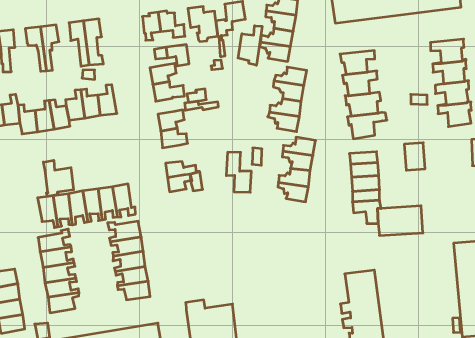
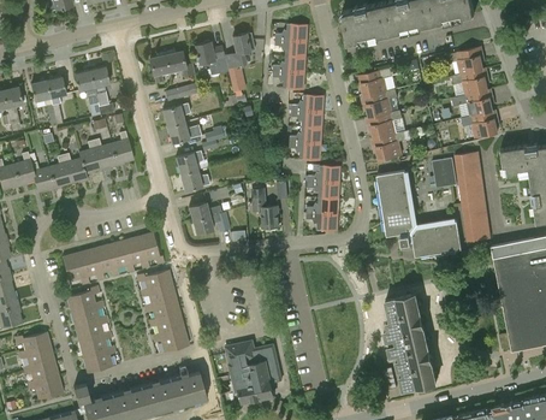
building: [238,26,262,65] -> none
building: none -> [453,152,492,242]
building: [43,160,74,196] -> none

